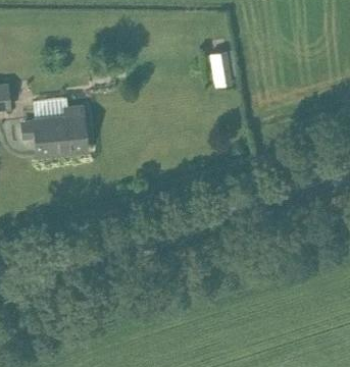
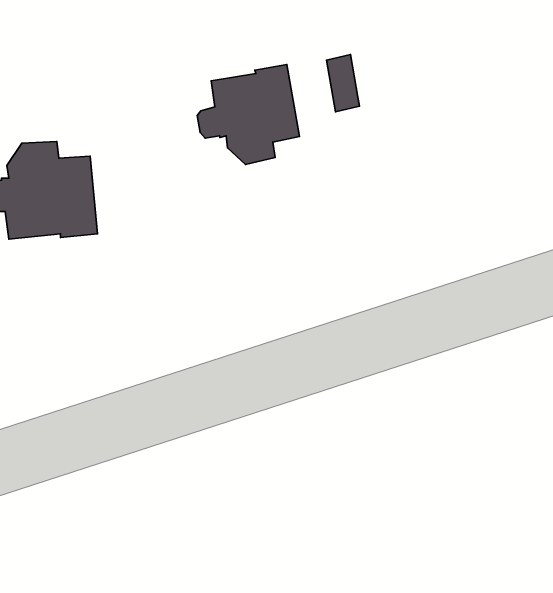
building: none -> [197,65,300,164]

